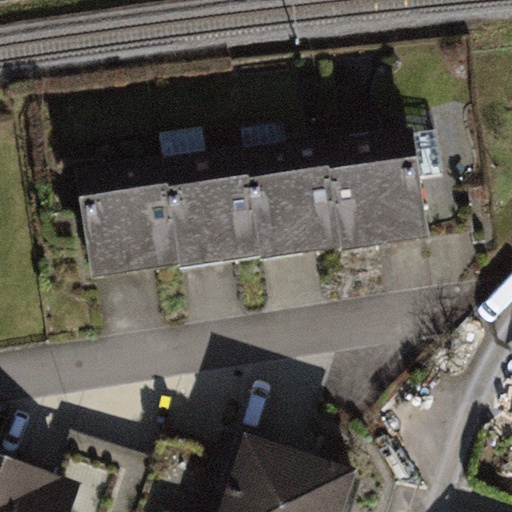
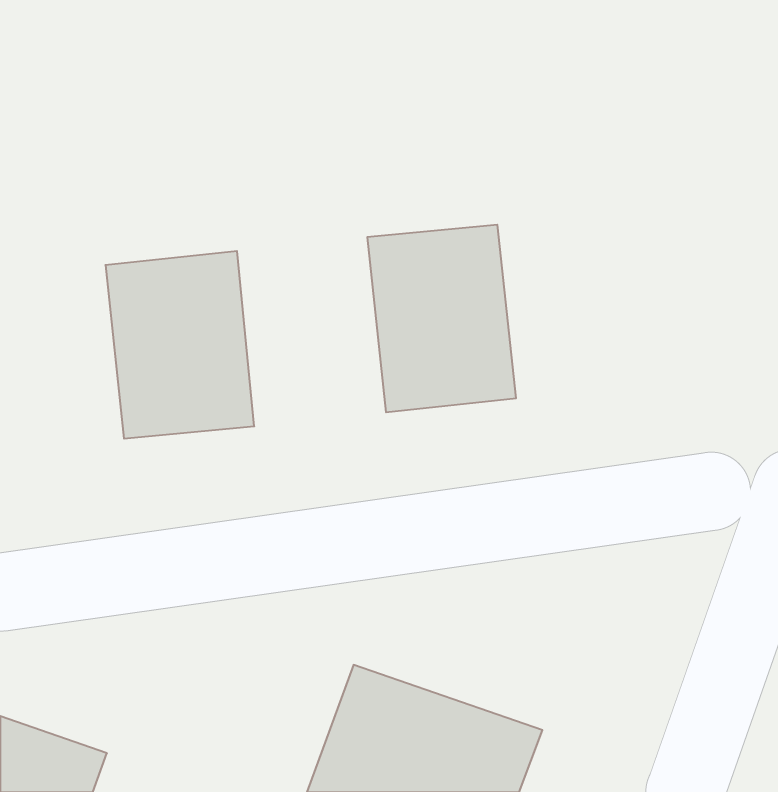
building: [330,136,426,257] -> none
building: [162,153,258,275] -> none

